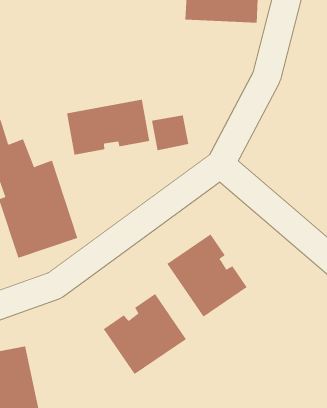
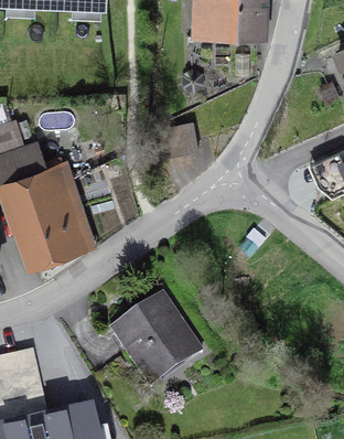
building: [66,99,150,156] -> none
building: [166,233,247,318] -> none

